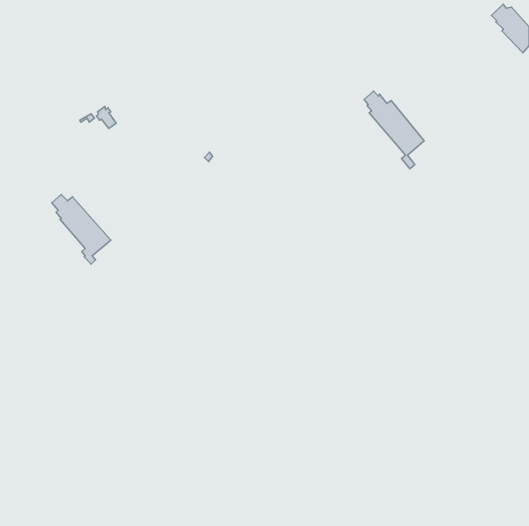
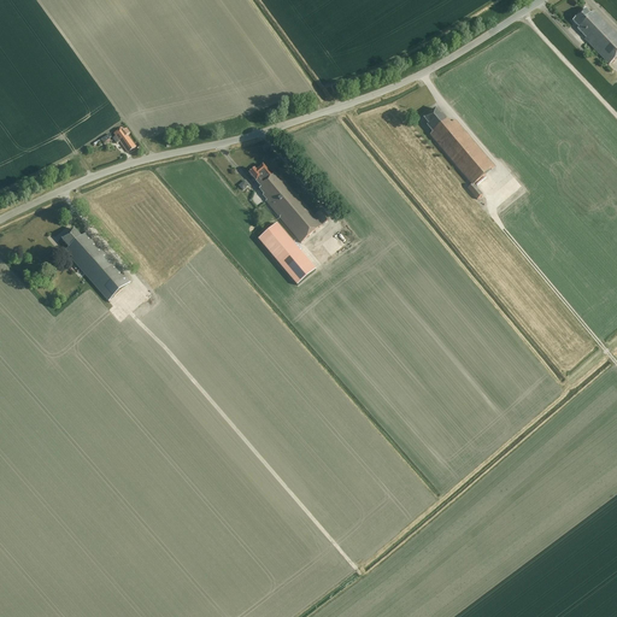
building: none -> [248,163,327,240]
building: none -> [258,221,316,282]

